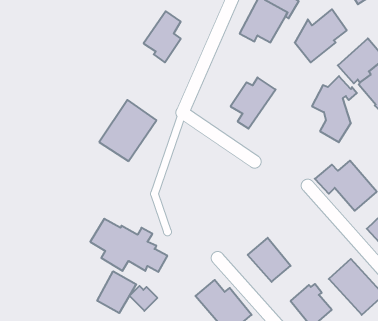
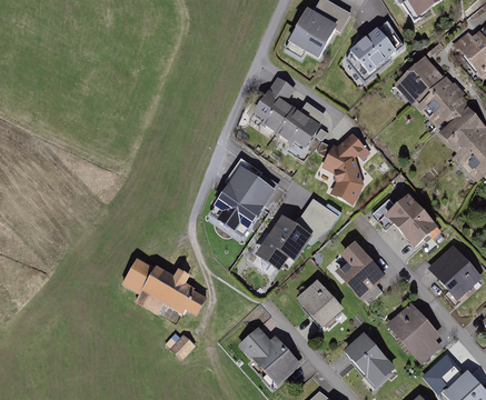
building: [144,11,181,62] -> [252,76,294,132]
building: [312,76,357,142] -> [320,131,370,204]
building: [99,100,156,161] -> [209,162,272,230]
building: none -> [301,200,335,231]
building: none -> [254,213,313,270]
building: none -> [334,239,385,297]
building: [97,271,136,313] -> none

